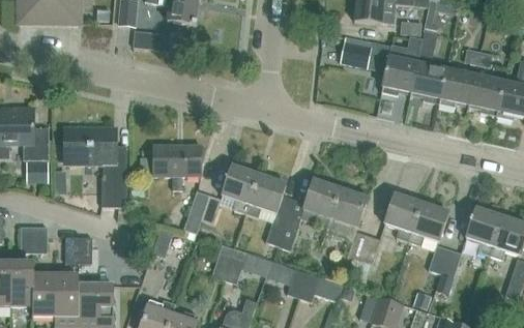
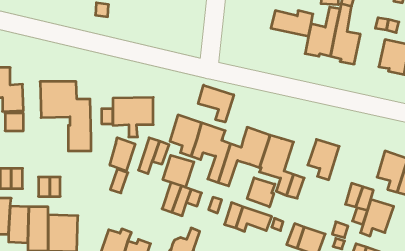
building: [439,69,475,108] -> none
building: none -> [198,85,234,122]
building: none -> [110,138,135,171]
building: [409,202,448,245] -> [360,199,394,236]
building: none -> [163,155,194,187]
building: none -> [247,178,275,207]

